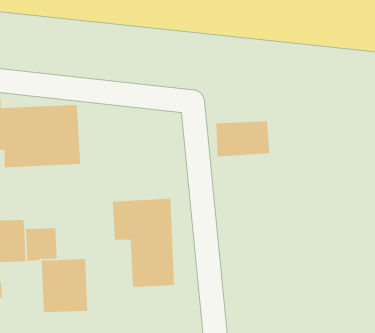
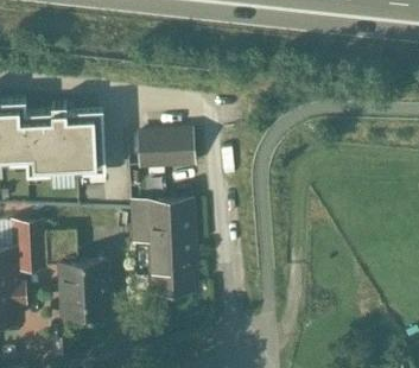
building: [216,120,270,157] -> [138,132,192,169]

